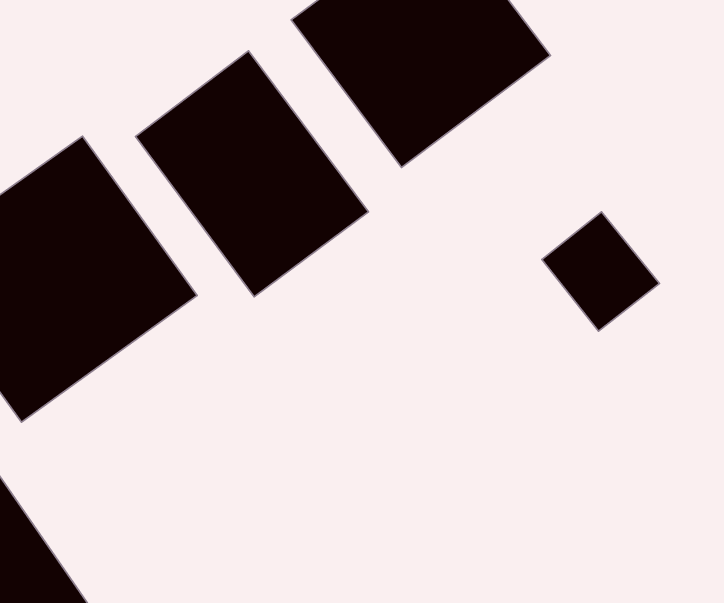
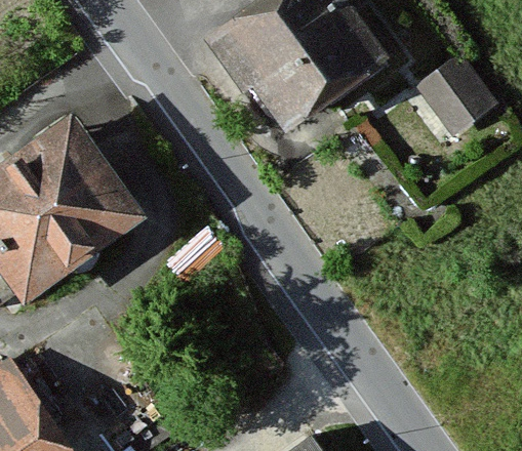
building: [135,51,369,297] -> none
building: [542,212,659,331] -> [419,53,500,135]

